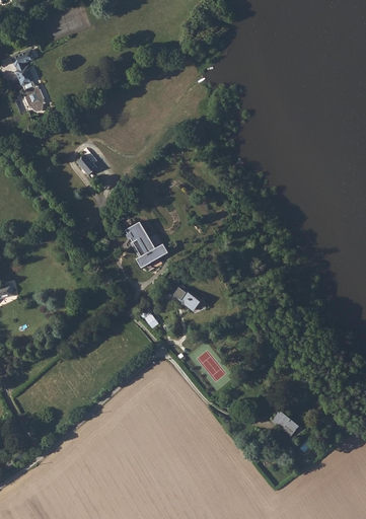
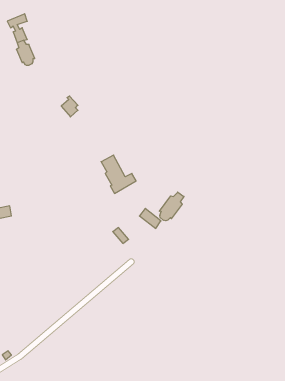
building: none -> [159,192,184,221]
building: [272,410,301,437] -> none

